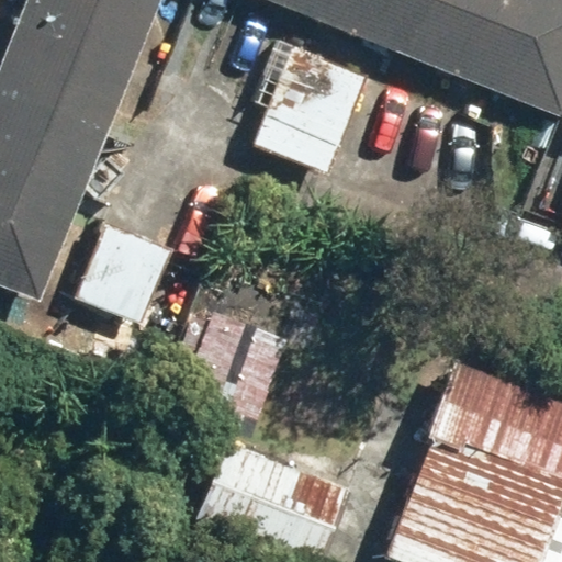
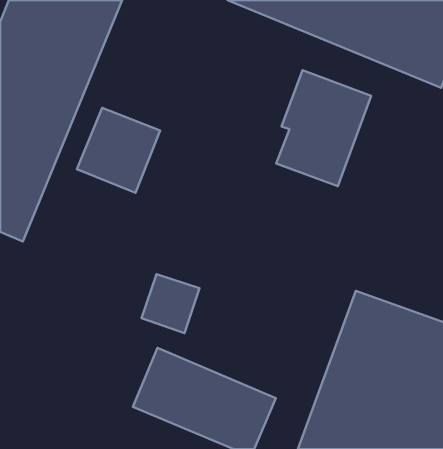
building: [250,27,369,172] -> [276,70,371,186]
building: [67,221,171,327] -> [77,108,160,193]

